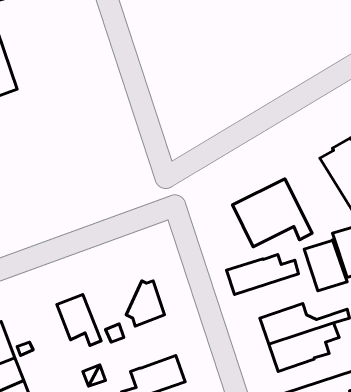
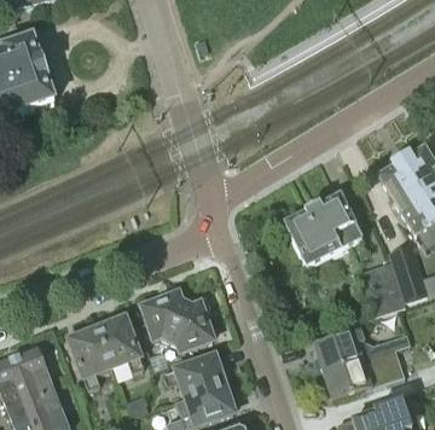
building: [226,255,298,294] -> none
building: none -> [143,291,187,338]
building: none -> [69,327,111,387]
building: none -> [163,354,224,395]

